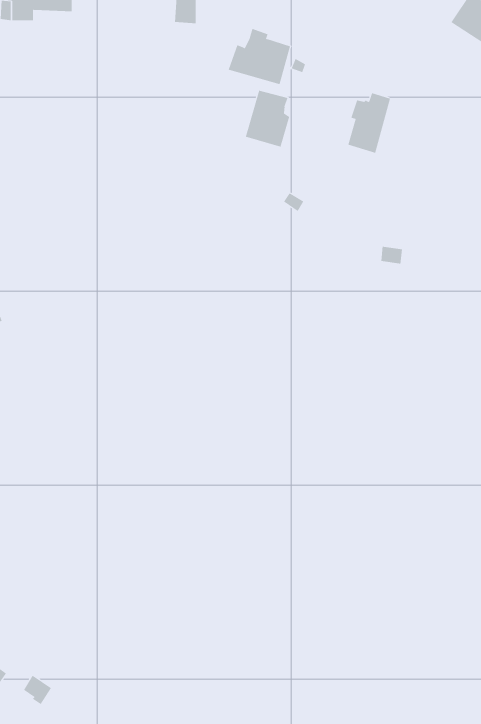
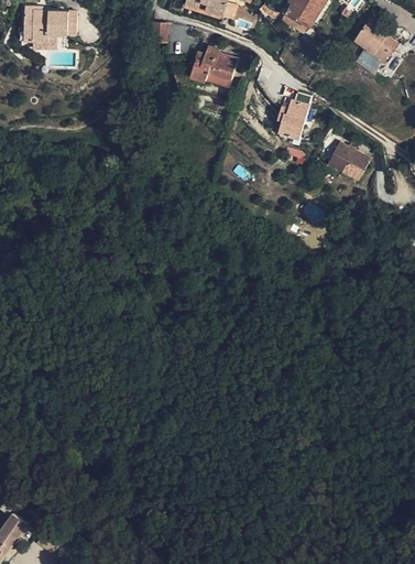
building: [245,90,290,147] -> none
building: none -> [327,144,369,182]

